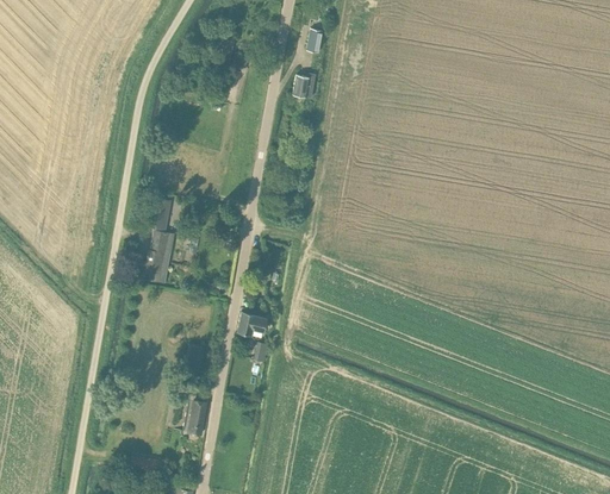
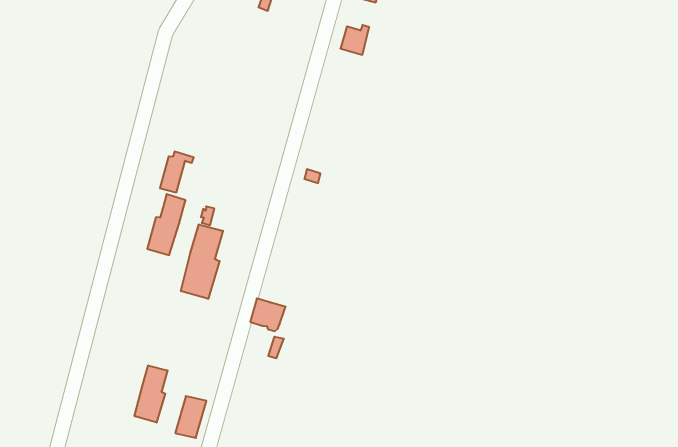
building: none -> [181,224,223,299]
building: none -> [135,365,168,423]

